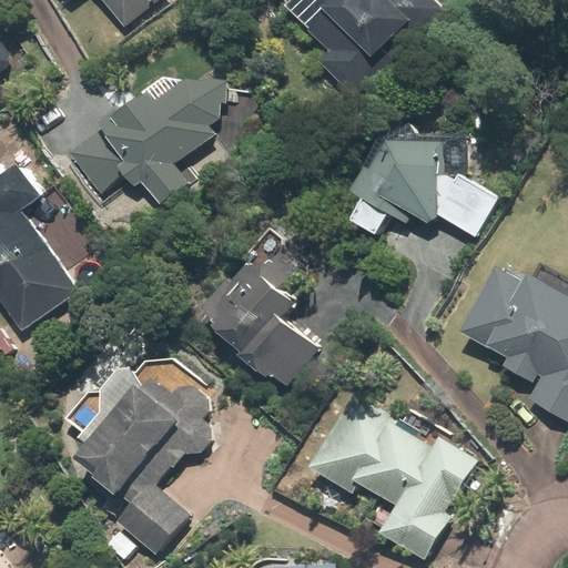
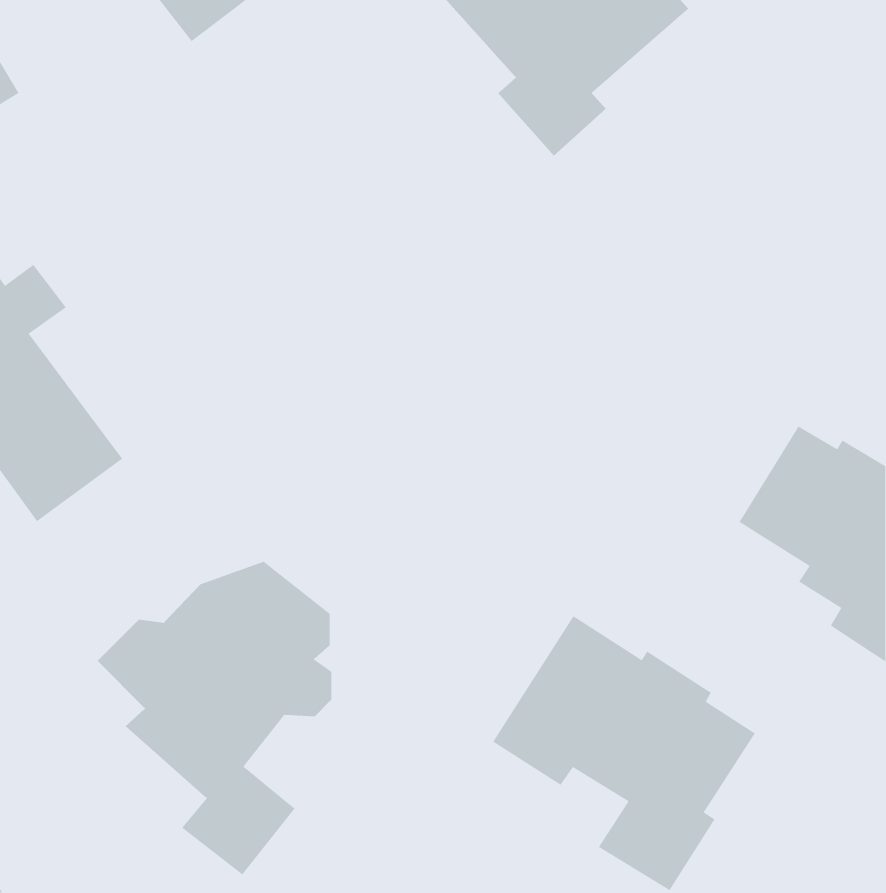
building: [65,63,246,205] -> none
building: [352,140,497,237] -> none
building: [202,230,305,377] -> none

